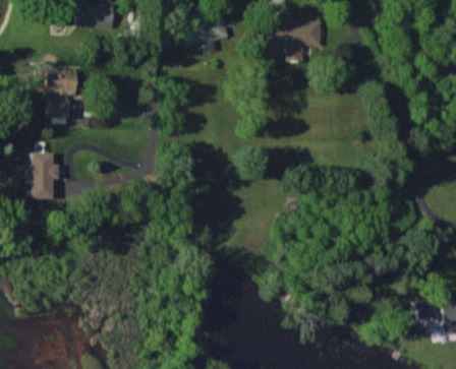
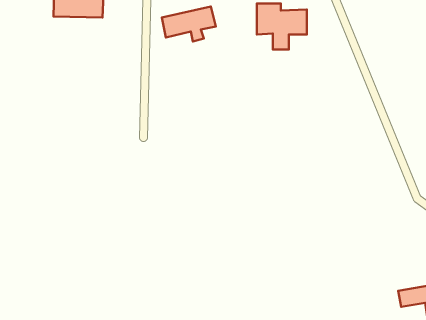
building: [45,69,77,118] -> none
building: [24,153,59,199] -> none

